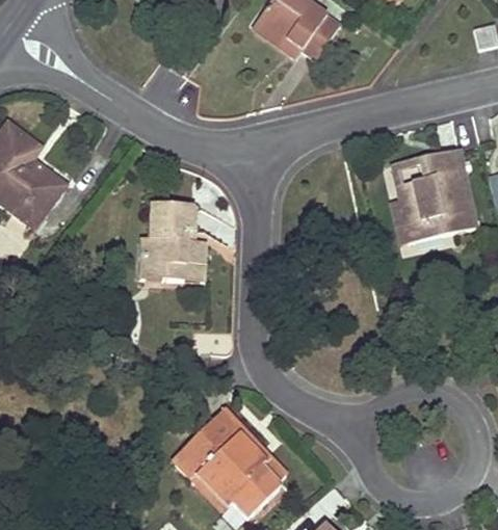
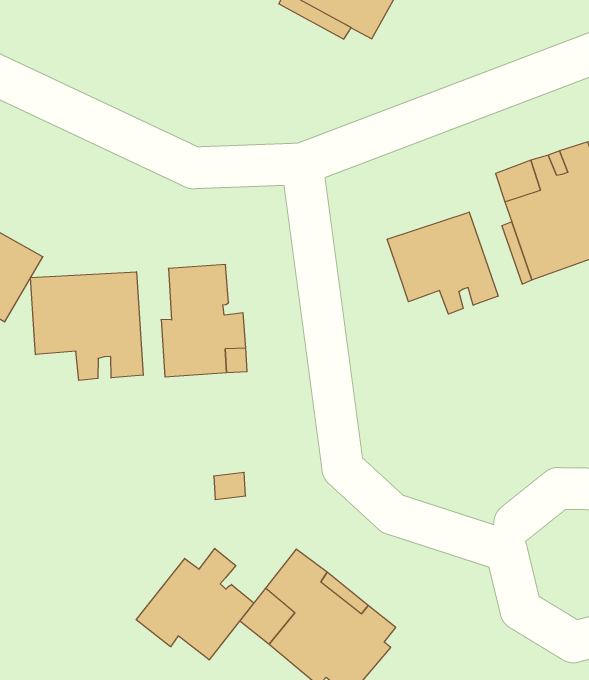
building: none -> [387,212,498,314]
building: none -> [31,272,143,380]
building: none -> [136,548,254,660]

